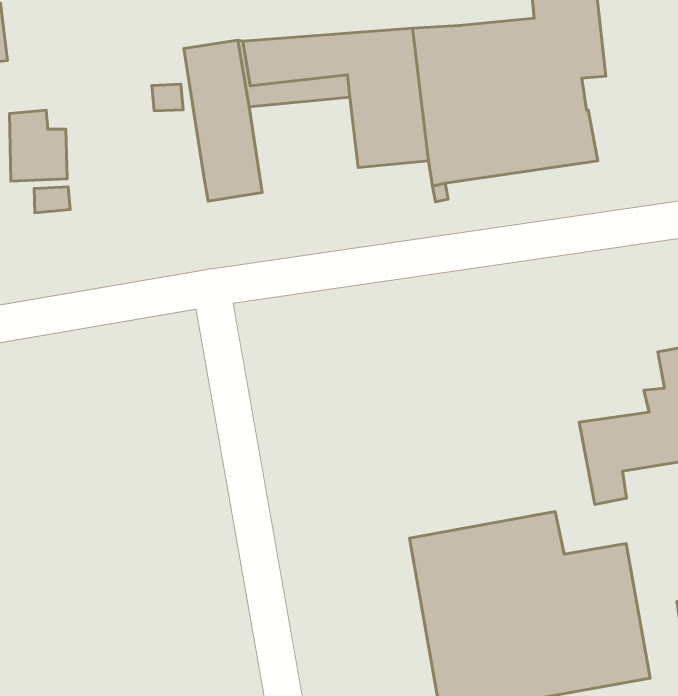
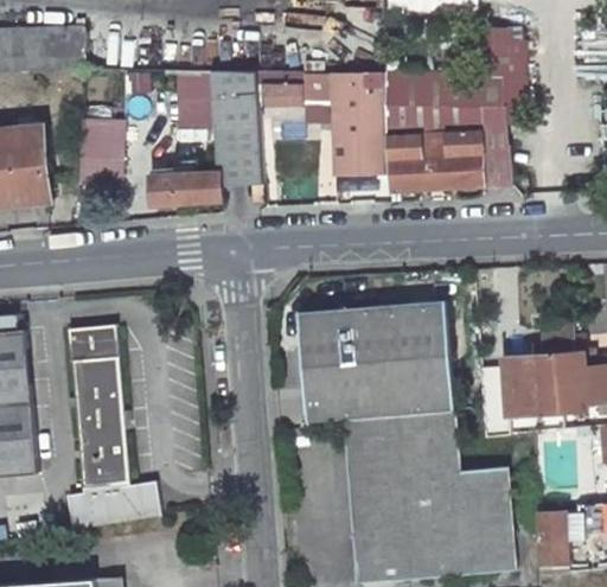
building: none -> [149,171,222,204]
building: none -> [299,301,455,448]
building: none -> [66,325,159,527]

